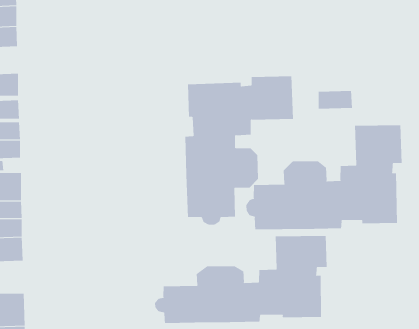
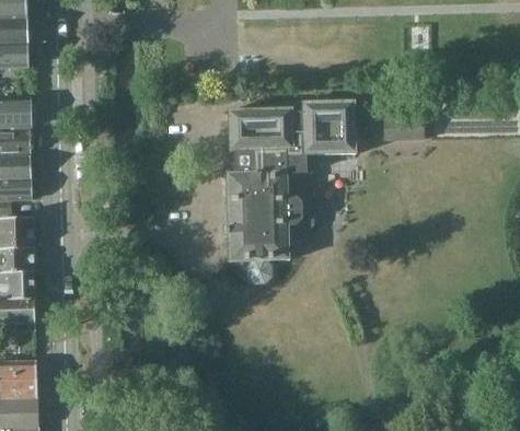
building: [246,125,402,230] -> none
building: [155,235,327,324] -> none

